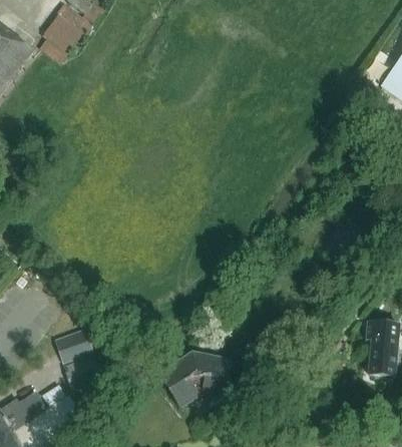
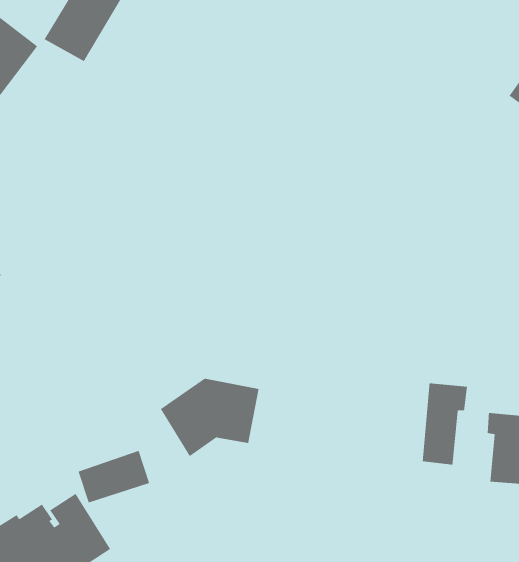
building: none -> [422,382,468,465]
building: [53,329,92,364] -> none
building: [158,353,233,412] -> [160,378,260,457]

